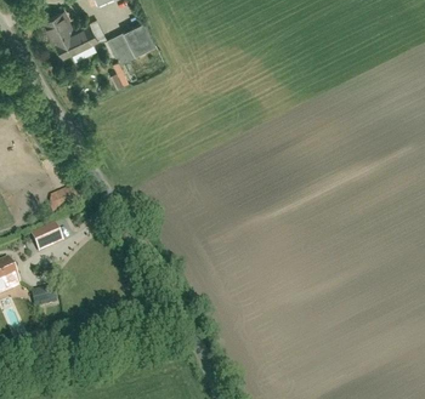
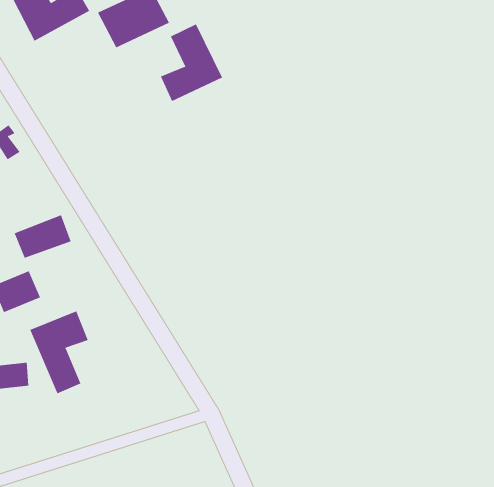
building: none -> [160,23,223,102]
building: none -> [30,310,89,394]

